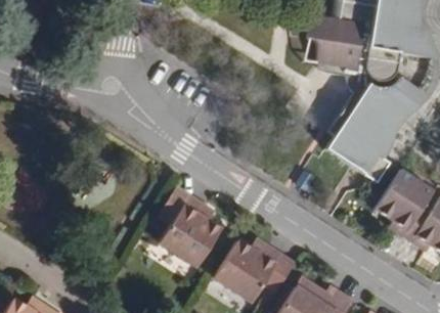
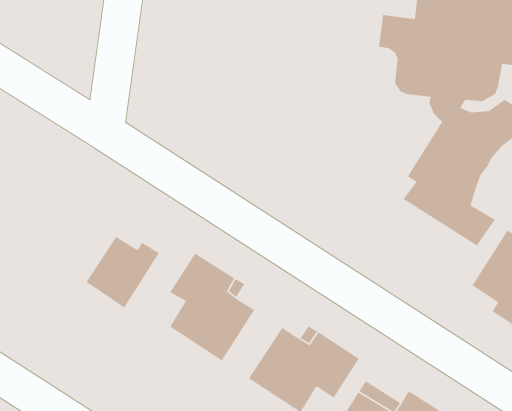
building: none -> [86,236,160,308]

